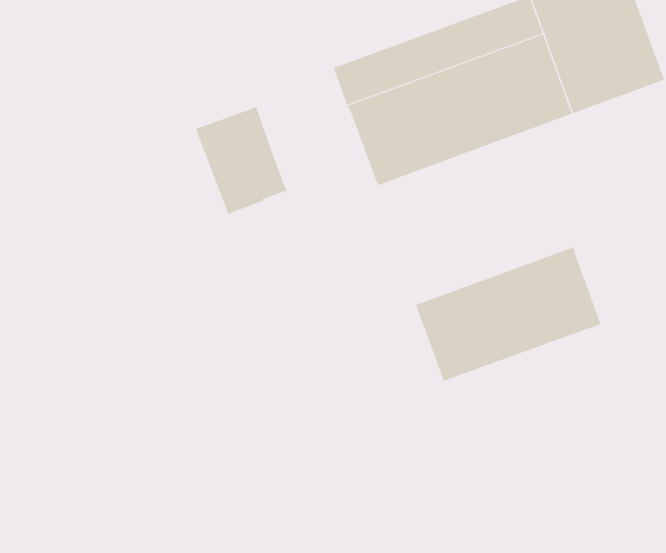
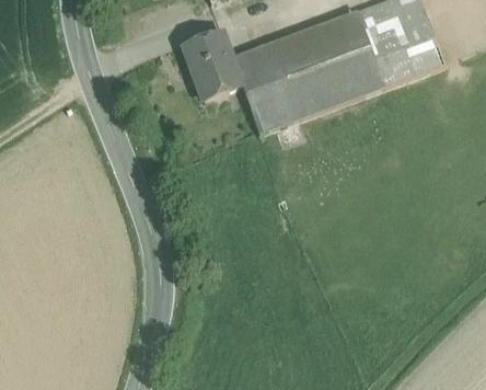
building: [195,107,288,214] -> [184,32,243,101]
building: [415,247,601,381] -> none

